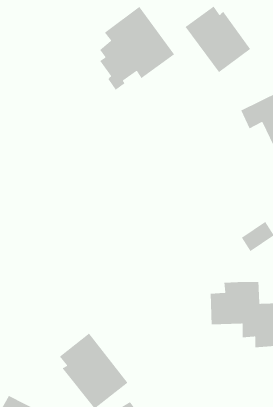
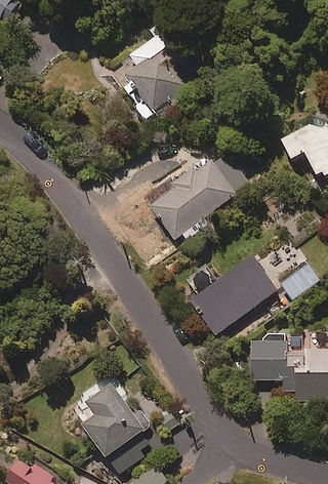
building: [185,6,251,73] -> none
building: none -> [150,150,247,241]
building: none -> [192,259,275,334]

